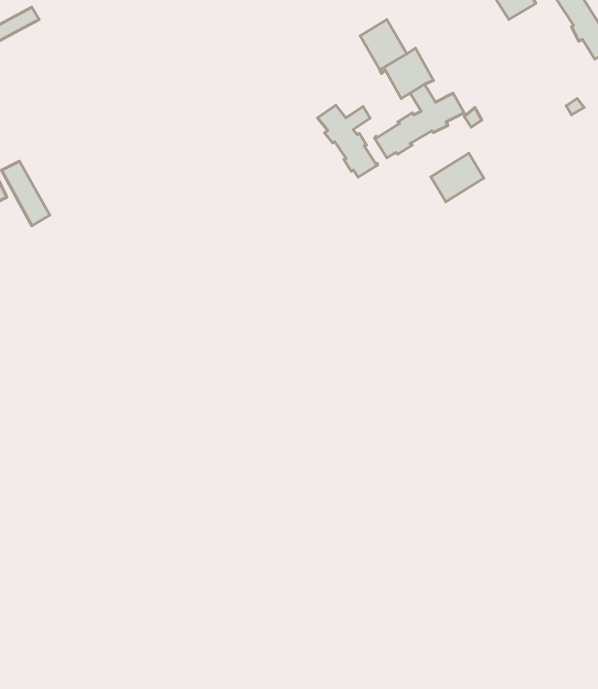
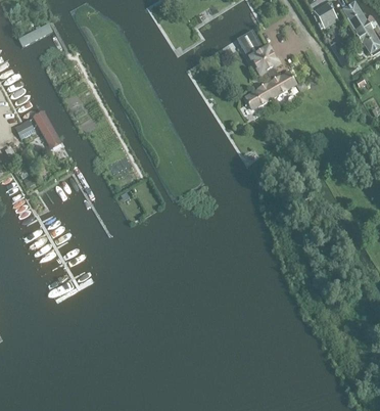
building: [318,105,378,177] -> none
building: [431,153,484,202] -> none

